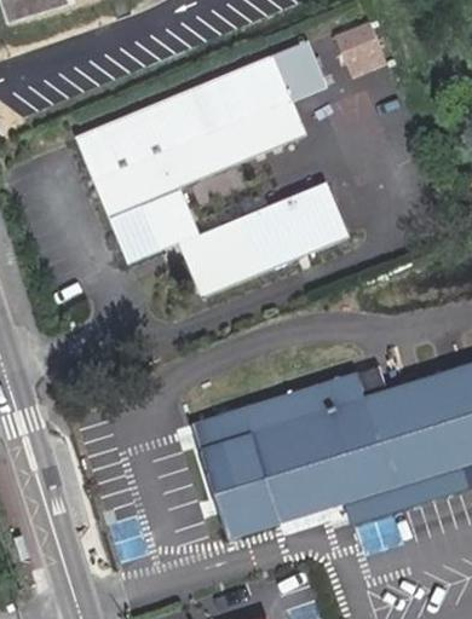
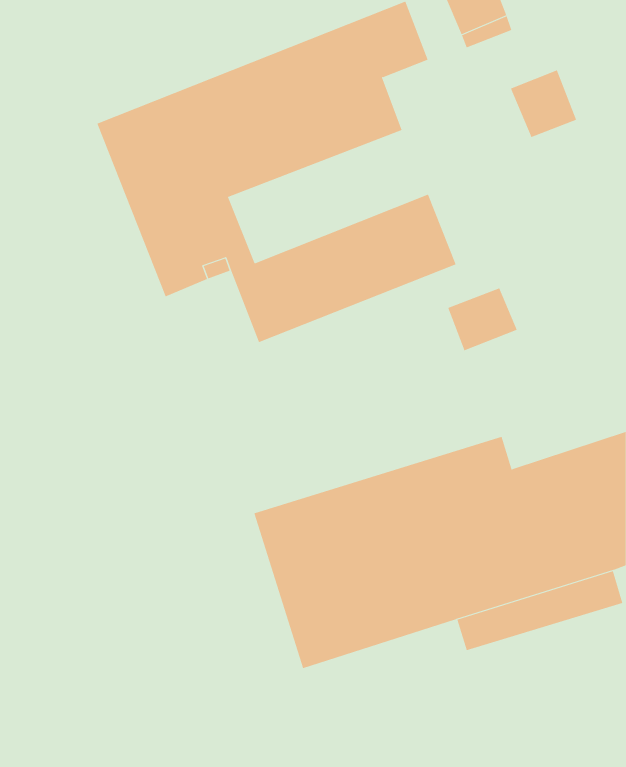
building: none -> [510,70,577,138]
building: none -> [447,288,518,351]

